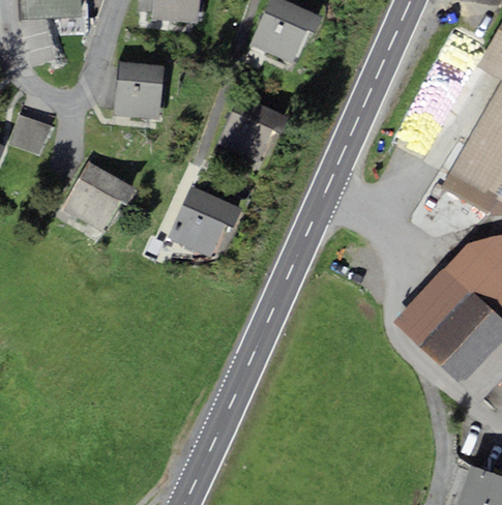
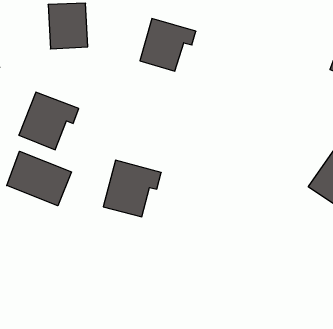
building: [169,185,243,257] -> [103,160,161,217]
building: none -> [7,151,72,206]

